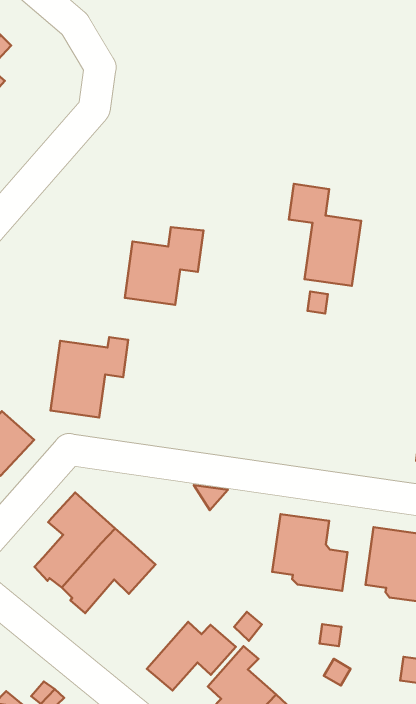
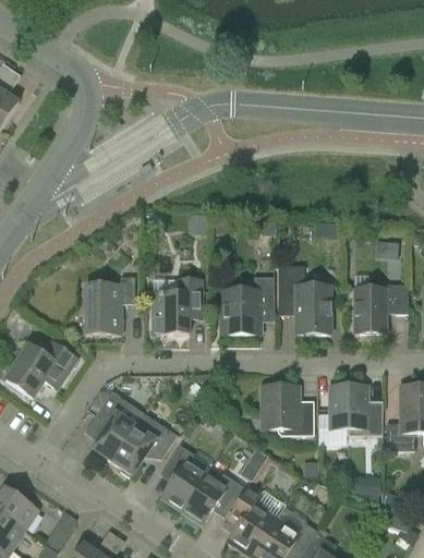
building: [289,184,361,286] -> [278,265,330,332]
building: [125,227,204,305] -> [152,277,202,333]
building: none -> [220,275,274,332]
building: none -> [159,442,206,510]

